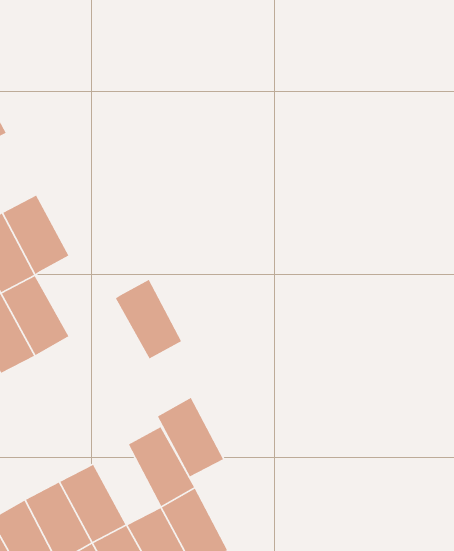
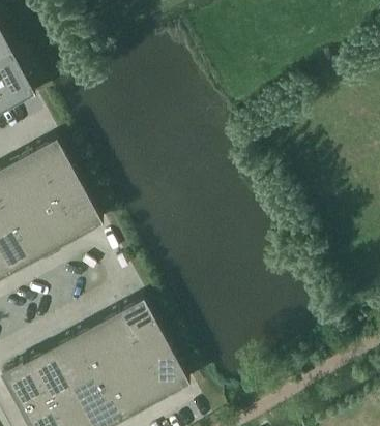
building: [115,279,182,360] -> [55,180,101,236]
building: [157,397,224,478] -> [95,310,142,366]

